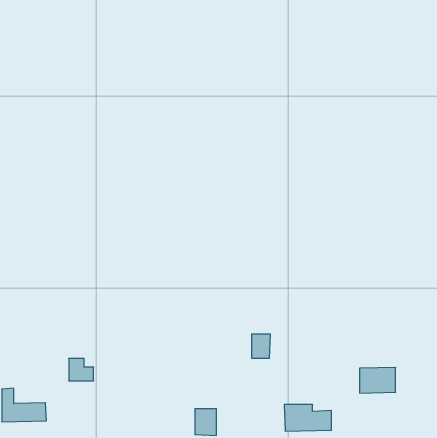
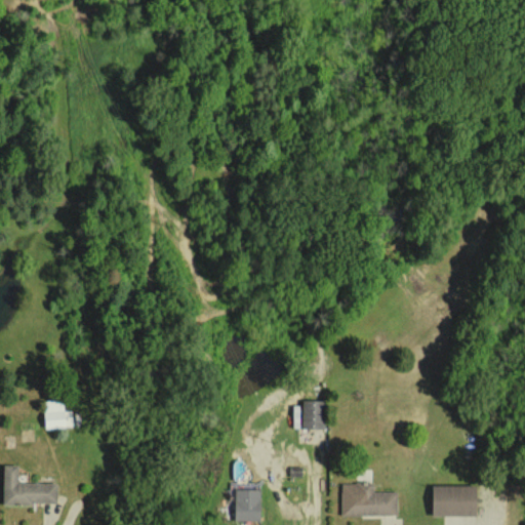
building: [69,358,94,381] -> [44,402,74,429]
building: [360,367,396,393] -> [433,485,476,516]

